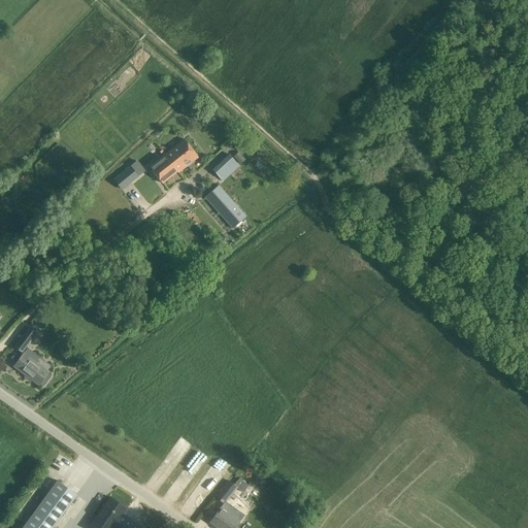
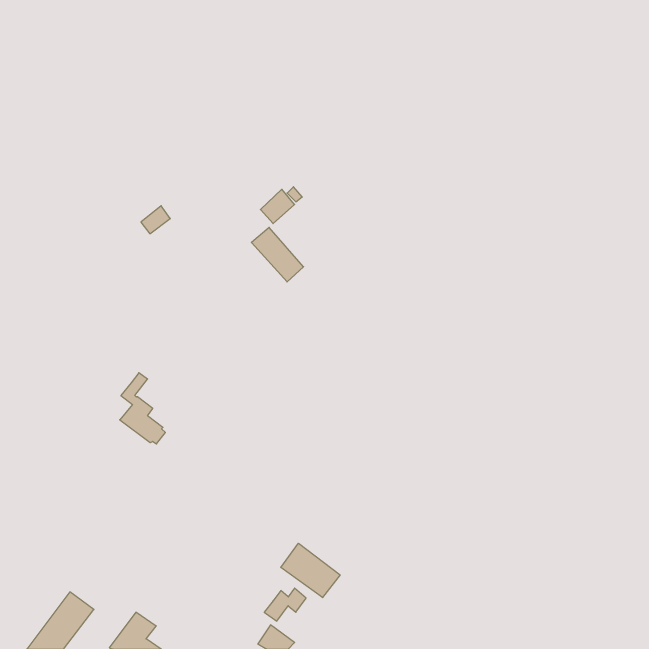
building: [148,139,197,185] -> none
building: [13,328,51,386] -> [120,373,165,444]
building: none -> [281,543,340,598]

